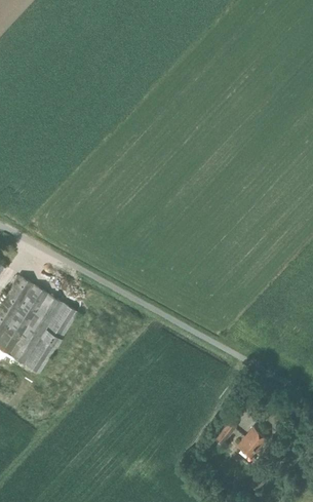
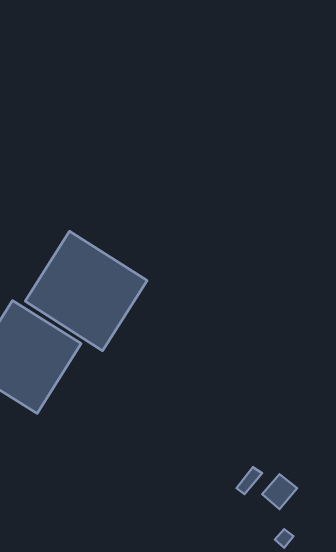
building: none -> [25,231,147,351]

